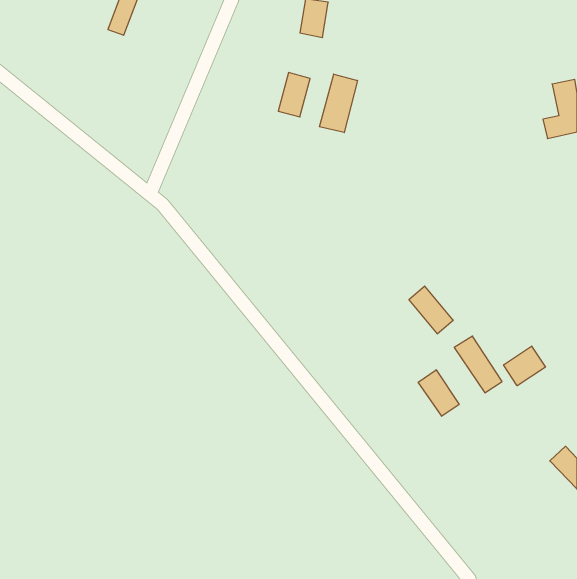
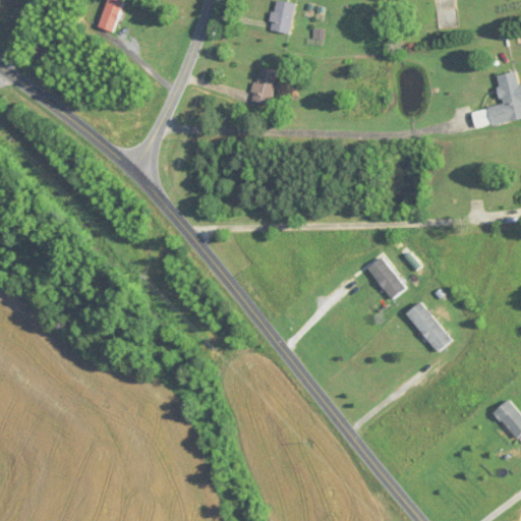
building: [319,74,357,133] -> none
building: [504,346,545,386] -> none
building: [418,370,459,416] -> none

